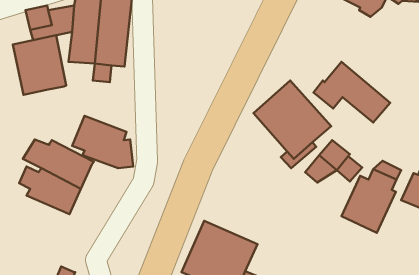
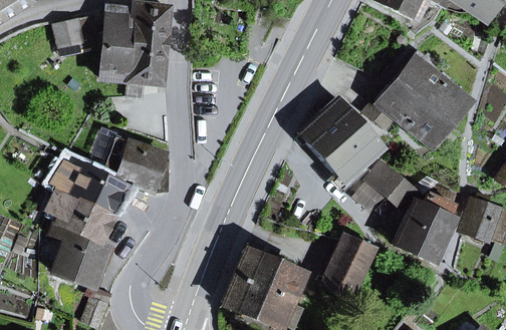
building: [13,35,66,95] -> none
building: none -> [394,50,465,122]
building: none -> [51,222,108,286]
building: none -> [322,233,374,297]

